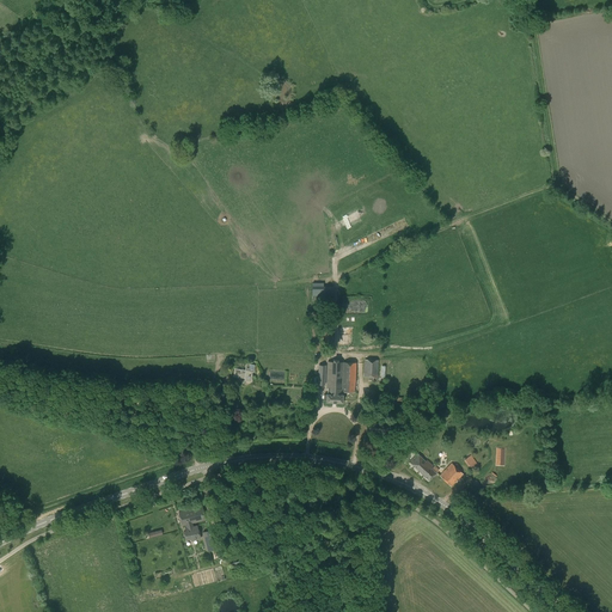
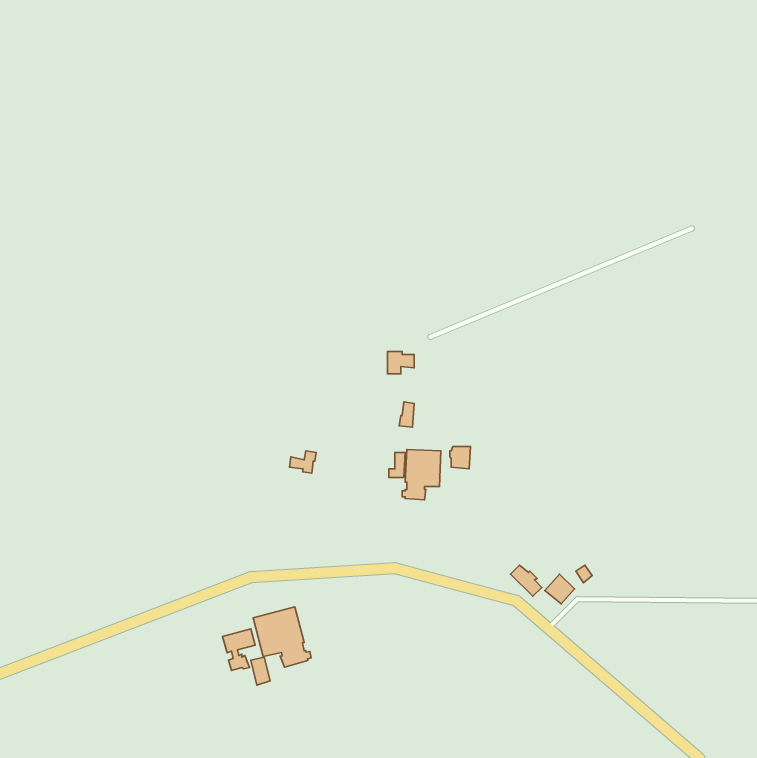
building: none -> [253,607,311,667]

